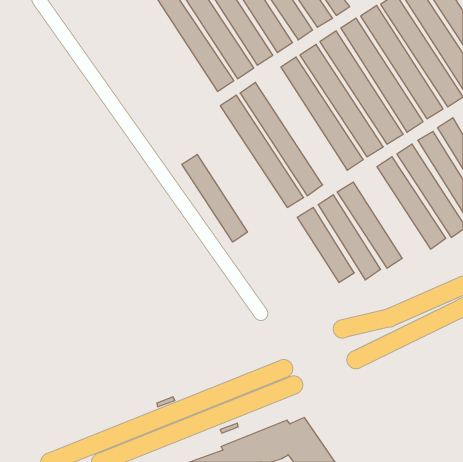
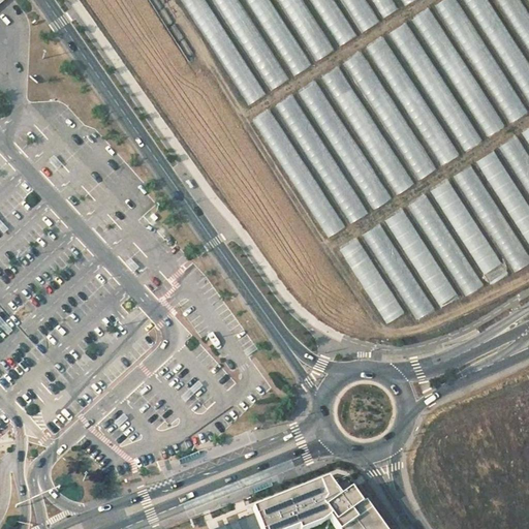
building: none -> [297,80,393,209]
building: [182,154,247,242] -> none
building: none -> [407,193,484,295]

